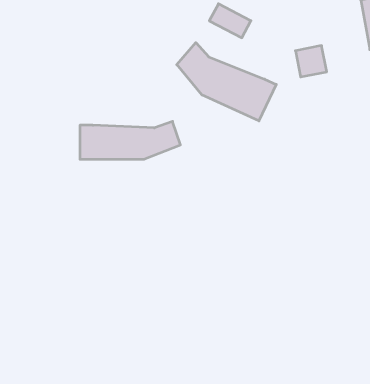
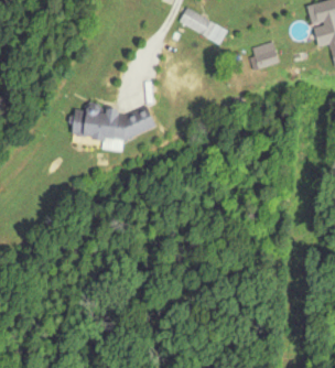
building: [177,43,276,121] -> none

